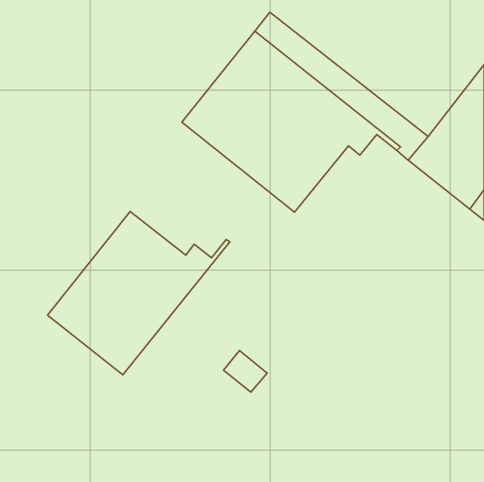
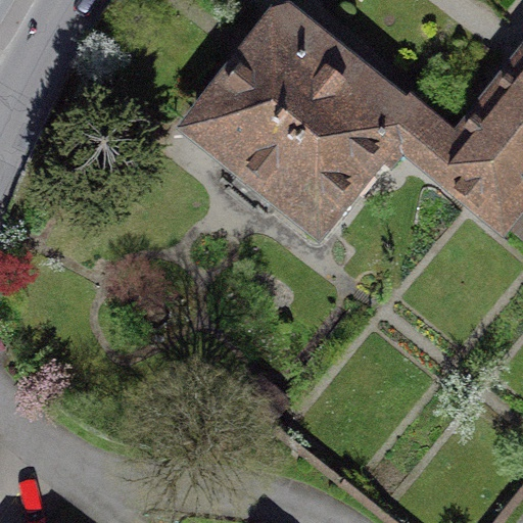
building: [48,212,230,375] -> none

